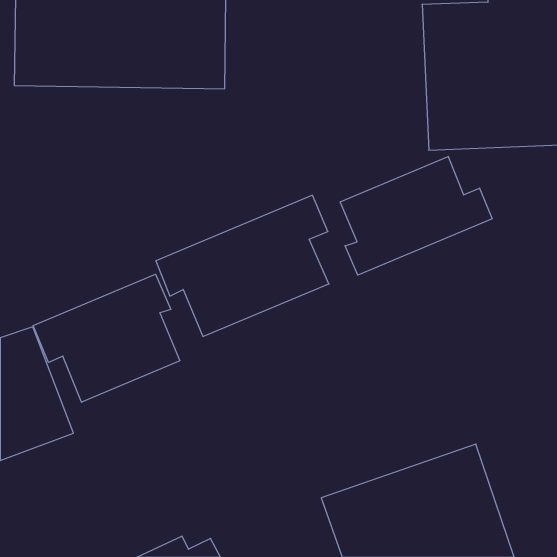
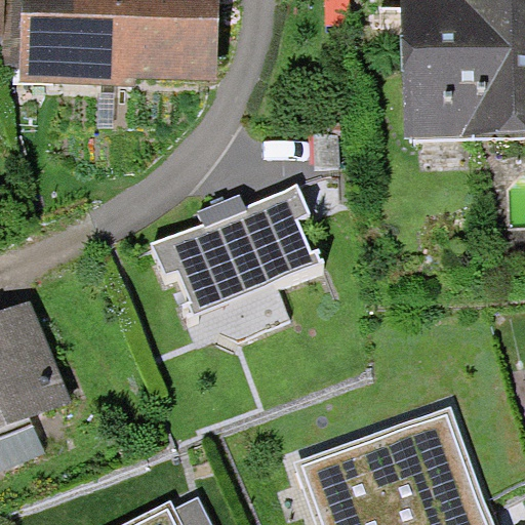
building: [340,156,492,275] -> none
building: [33,274,180,402] -> none

